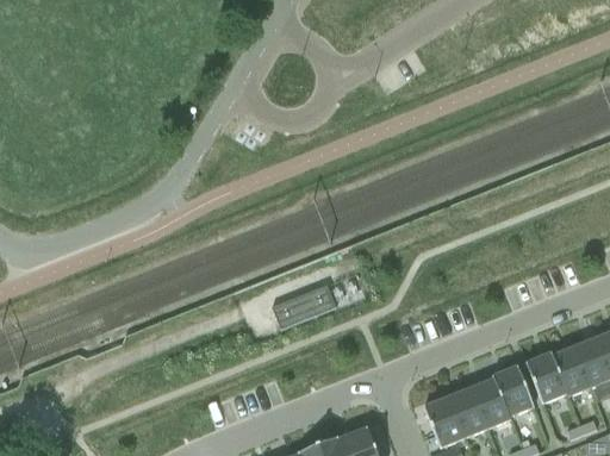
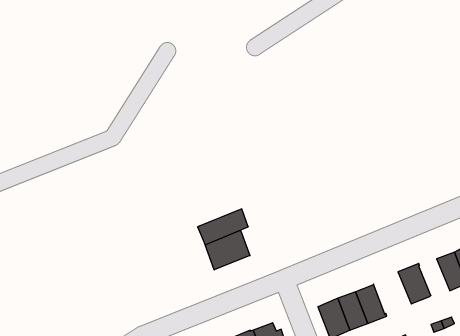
building: none -> [205,230,250,270]
building: [550,346,590,396] -> none
building: [491,366,533,417] -> none

